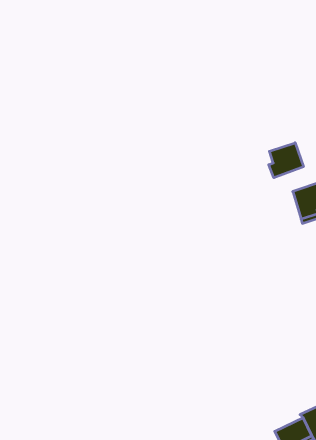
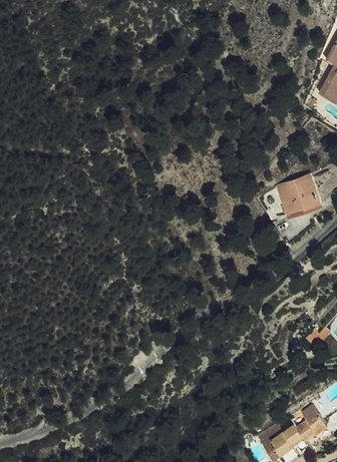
building: [269,143,303,178] -> none

